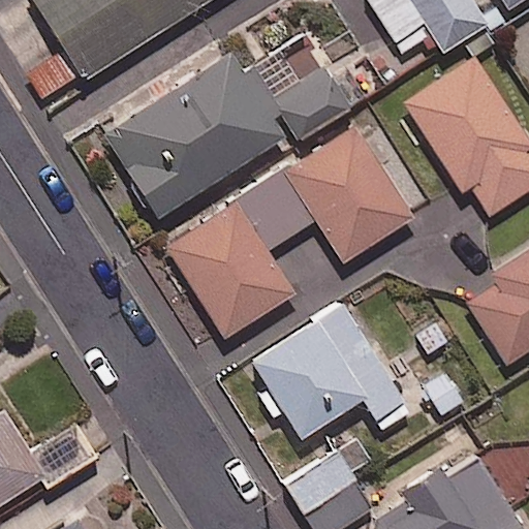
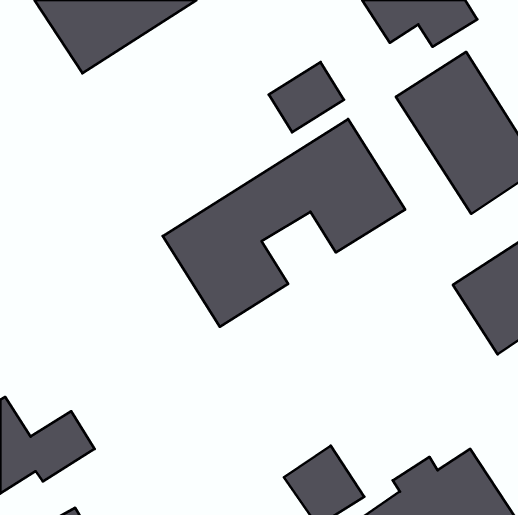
building: [100,43,289,217] -> none
building: [247,303,409,440] -> none

